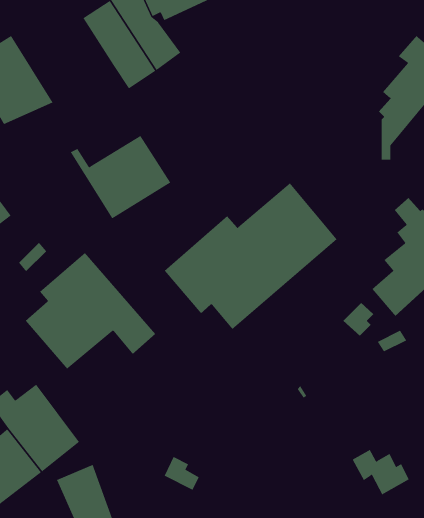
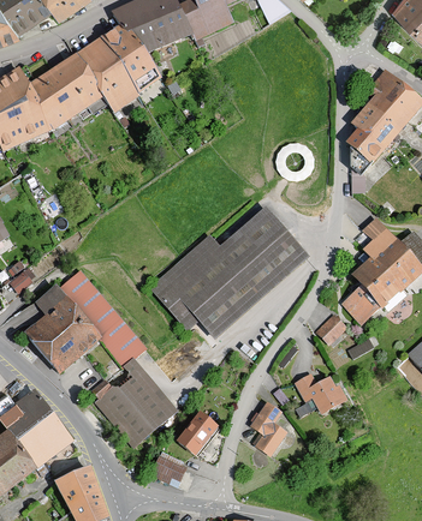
building: [70,135,171,219] -> [12,55,105,132]
building: none -> [89,358,177,447]
building: none -> [250,403,287,459]
building: none -> [178,414,220,457]
building: [352,449,410,495] -> [295,373,347,415]

